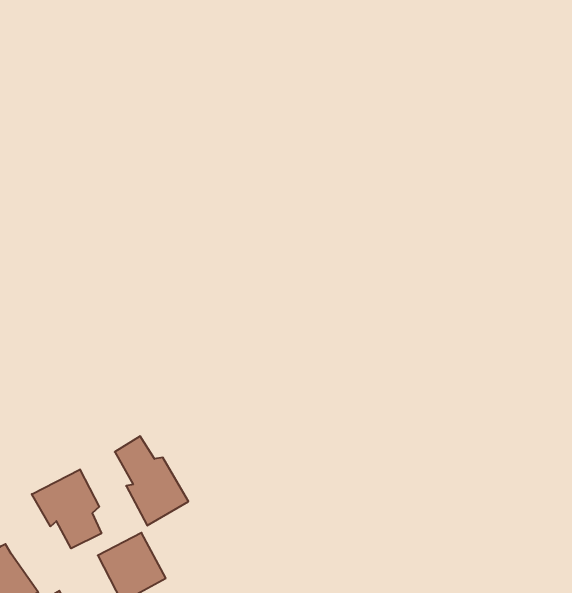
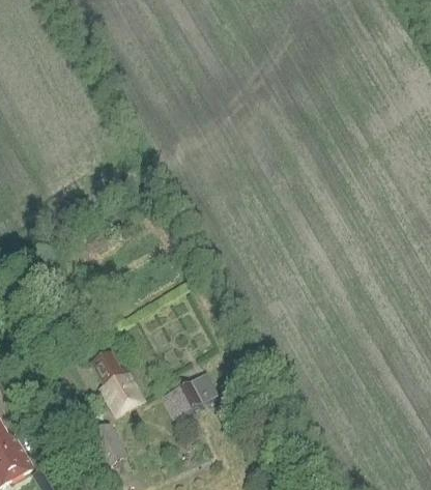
building: none -> [173,371,219,411]
building: [32,469,101,548] -> none

